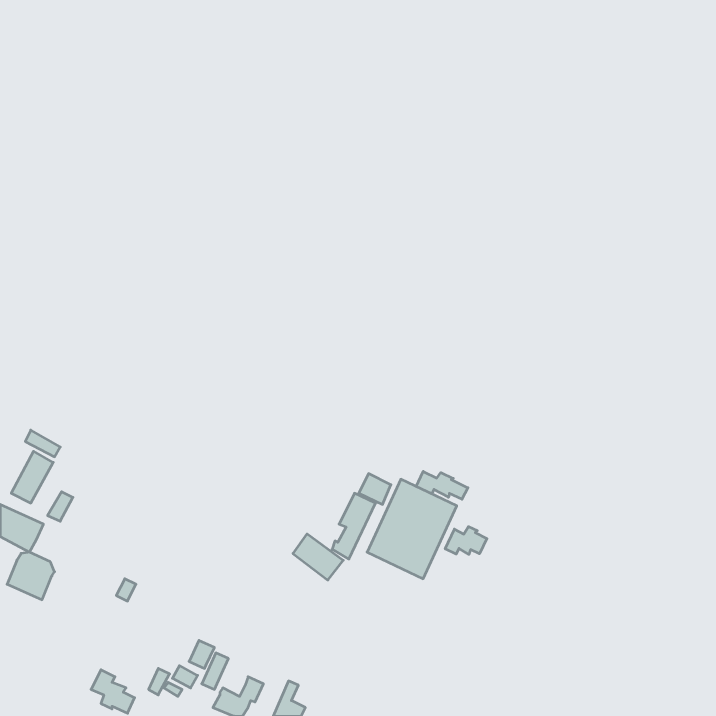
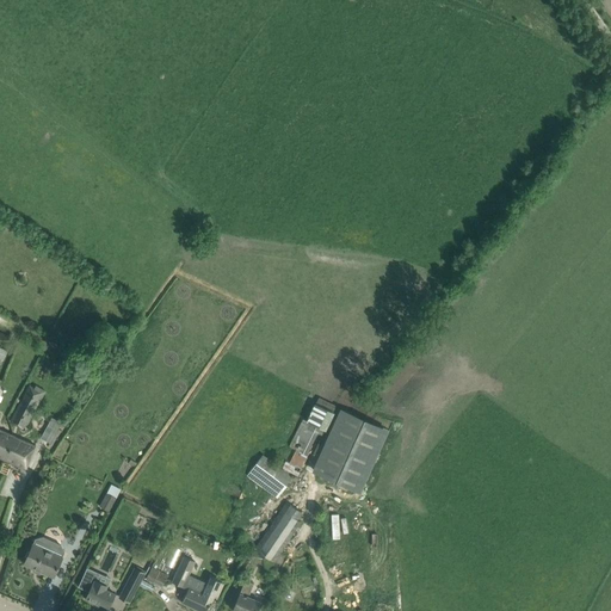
building: [416,471,468,499] -> none
building: [445,527,487,554] -> none
building: [7,552,55,600] -> [24,537,64,578]
building: none -> [249,501,303,569]

